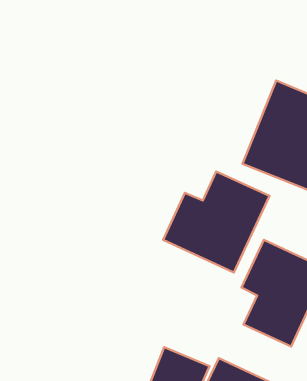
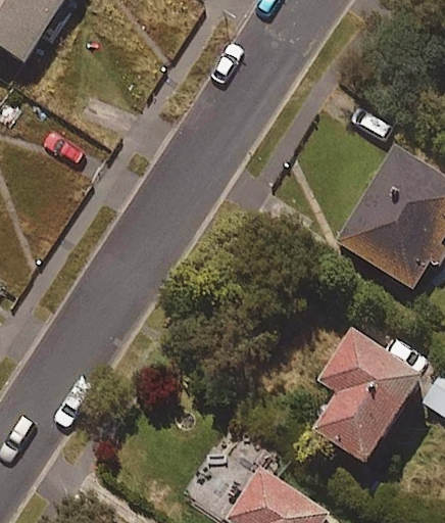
building: [163,171,269,272] -> none

